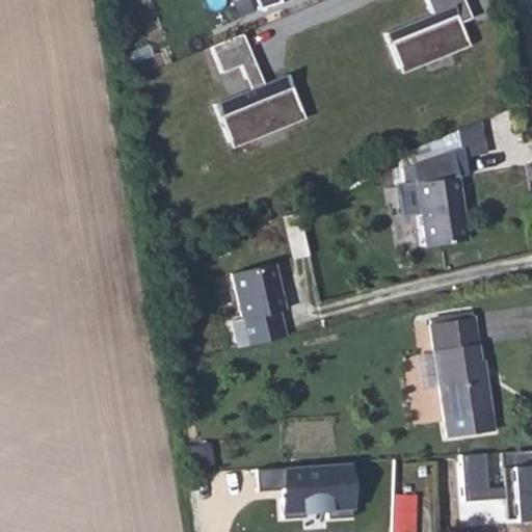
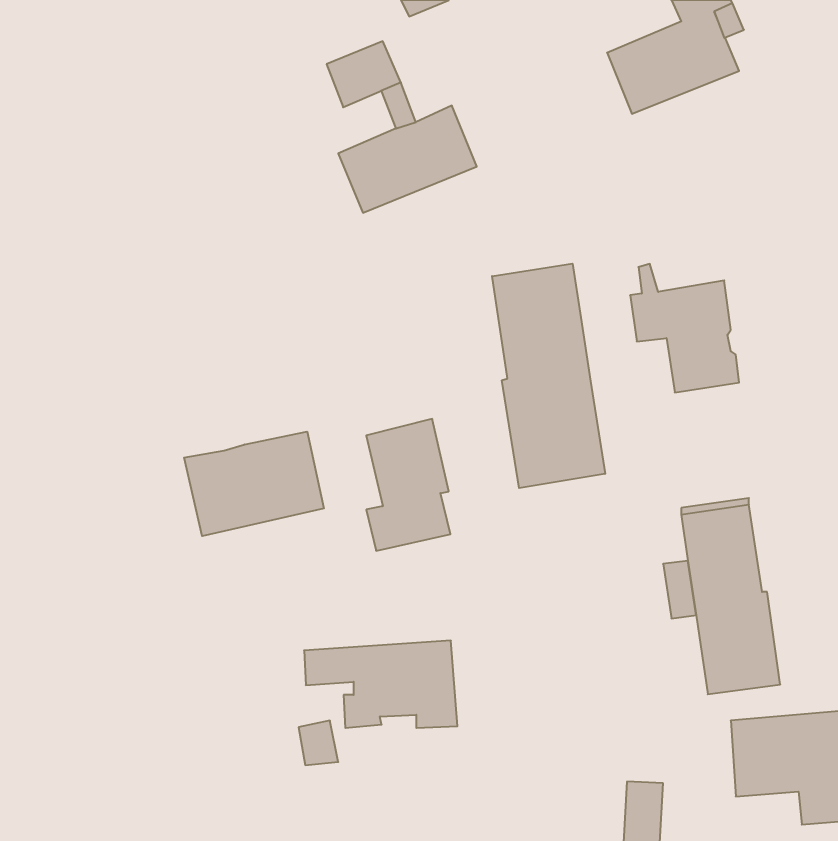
building: [401,122,491,185] -> none
building: none -> [492,264,605,488]
building: none -> [184,432,324,536]
building: [258,464,354,520] -> [304,641,457,728]

